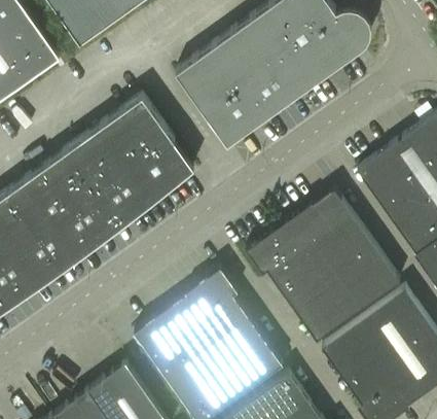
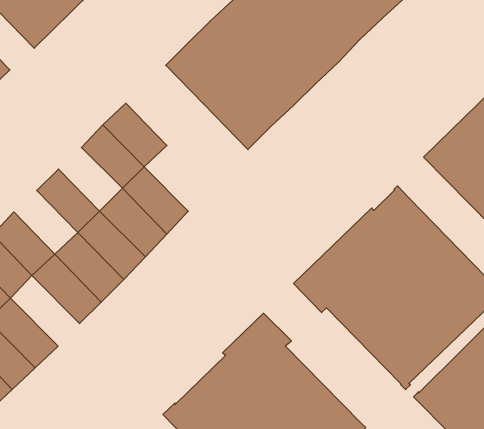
building: [84,126,130,175] -> none
building: [148,134,194,185] -> none
building: [46,152,92,202] -> none
building: [34,215,82,271] -> none

